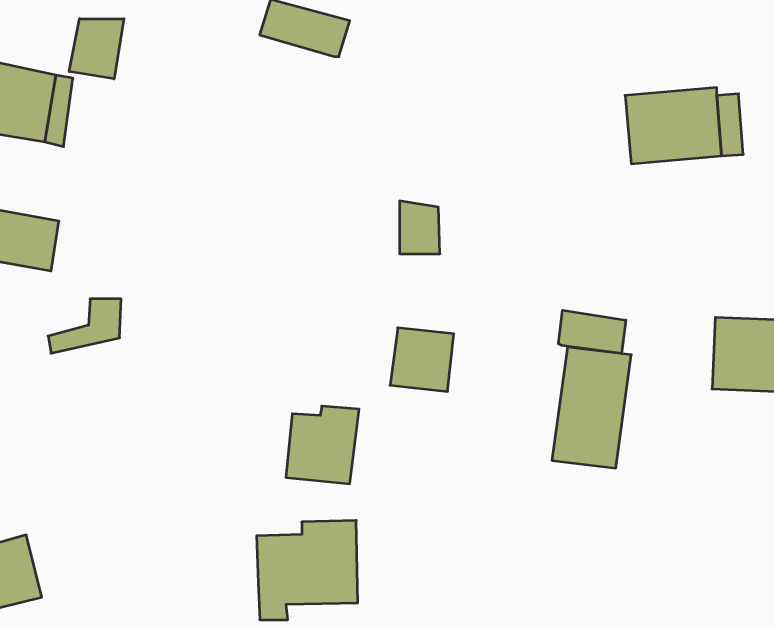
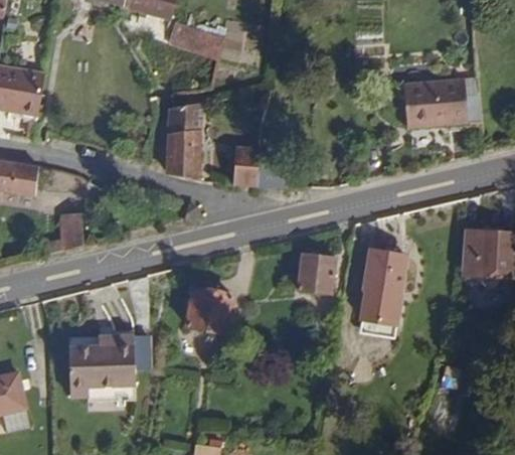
building: [69,19,124,79] -> none
building: none -> [166,103,204,180]
building: none -> [232,145,259,187]
building: [558,310,626,354] -> none
building: [390,328,454,391] -> [296,253,337,294]
building: [257,520,358,620] -> [68,334,134,399]

